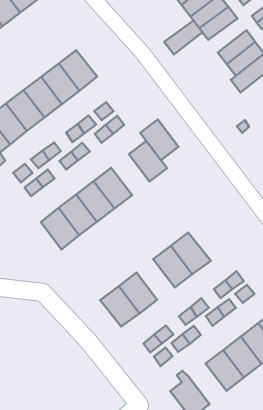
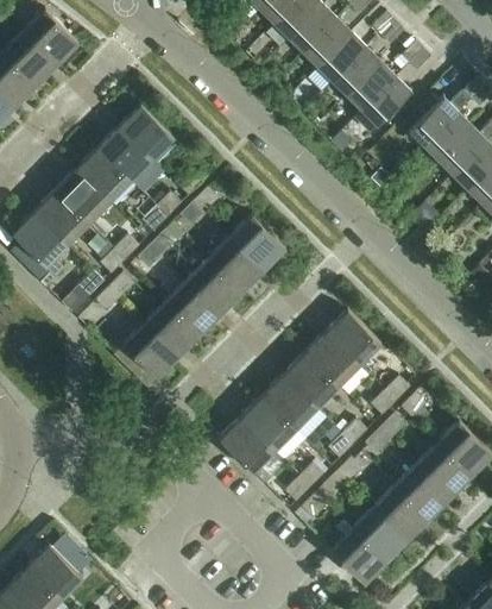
building: [164,21,202,55] -> [317,32,367,82]
building: [140,119,179,160] -> [209,237,264,291]
building: none -> [326,310,383,366]
building: none -> [263,375,317,429]
building: none -> [353,507,406,561]

